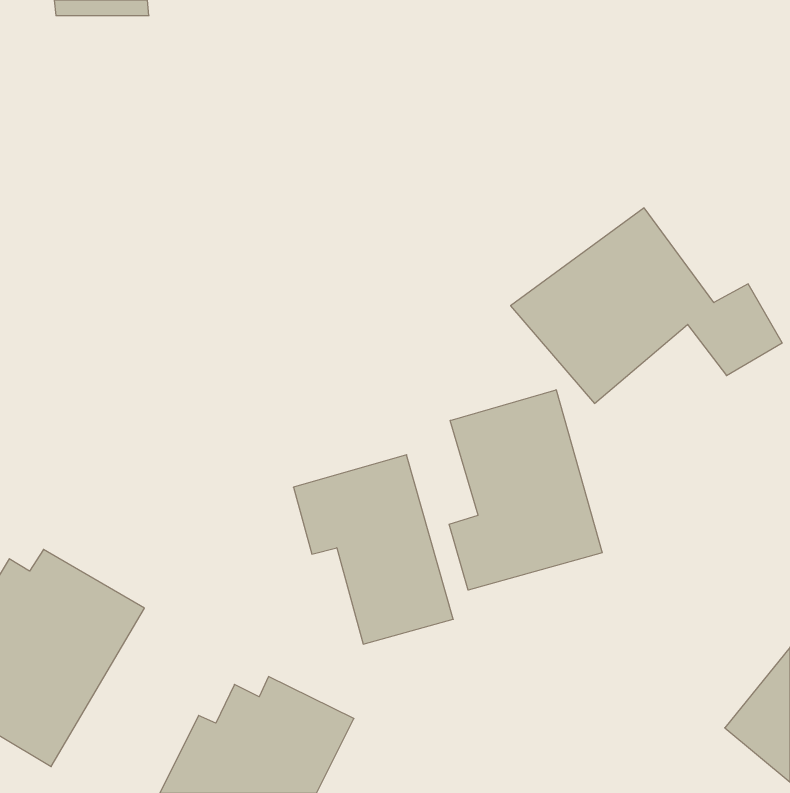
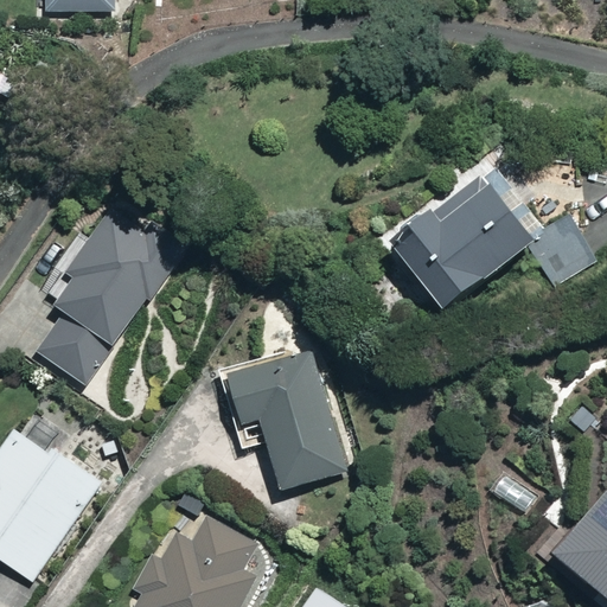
building: none -> [34,209,187,386]
building: [449,390,602,590] -> none

